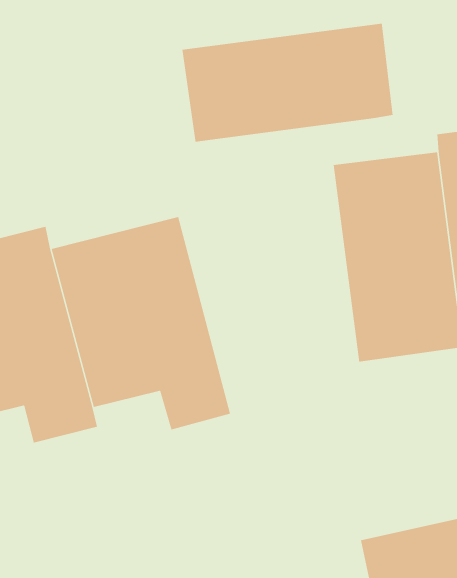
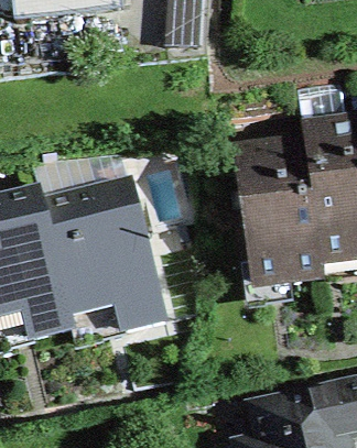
building: [182,23,393,143] -> none

